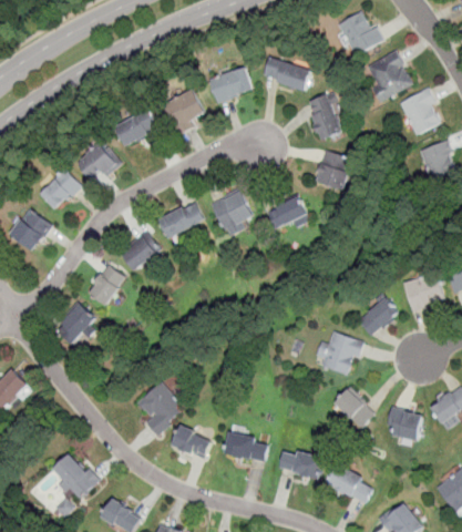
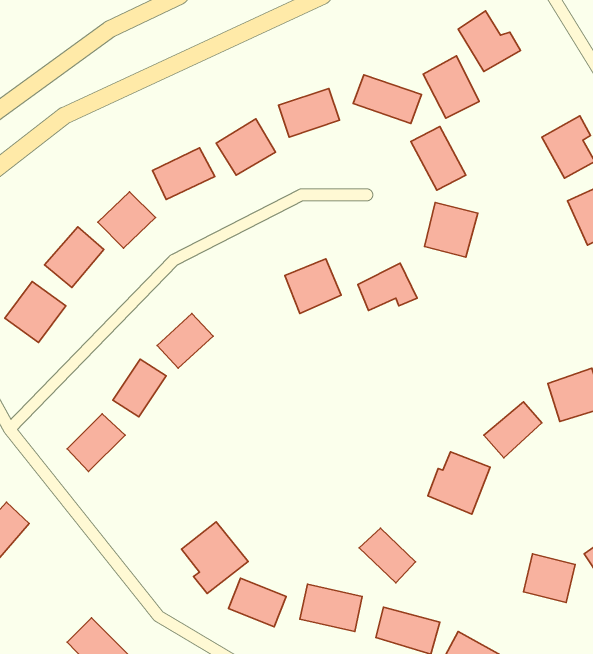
building: [370,49,411,94] -> [423,56,479,118]
building: [157,201,206,241] -> none
building: [333,388,374,428] -> [359,528,416,583]

